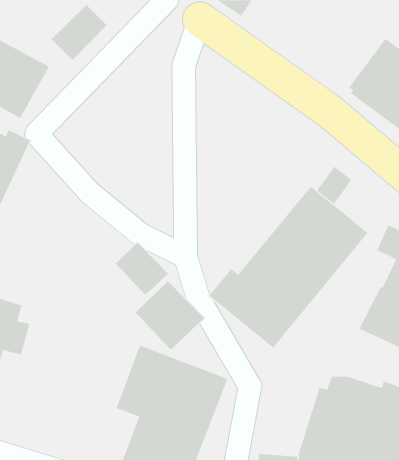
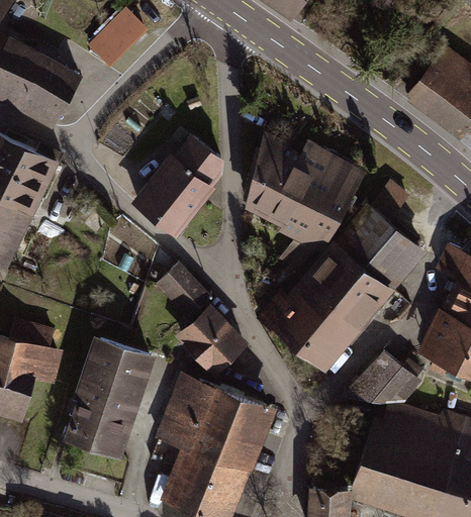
building: none -> [244,131,365,253]
building: none -> [129,134,222,239]
building: none -> [64,334,158,460]
building: none -> [340,351,422,405]

